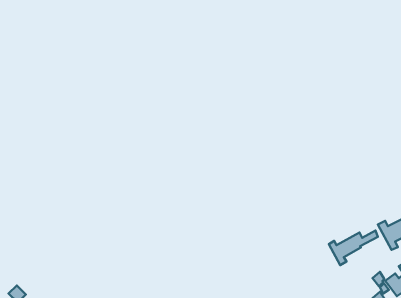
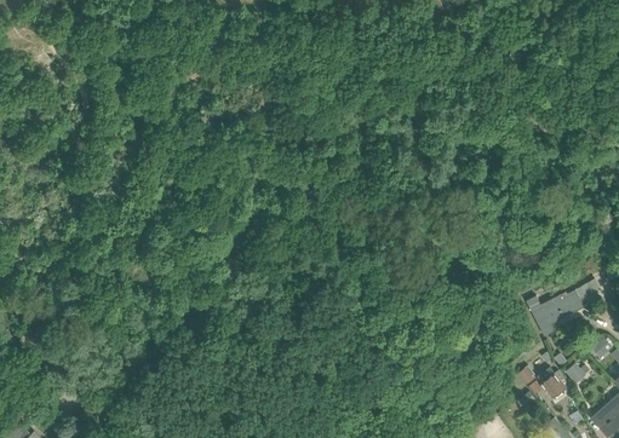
building: [329,231,378,265] -> none

